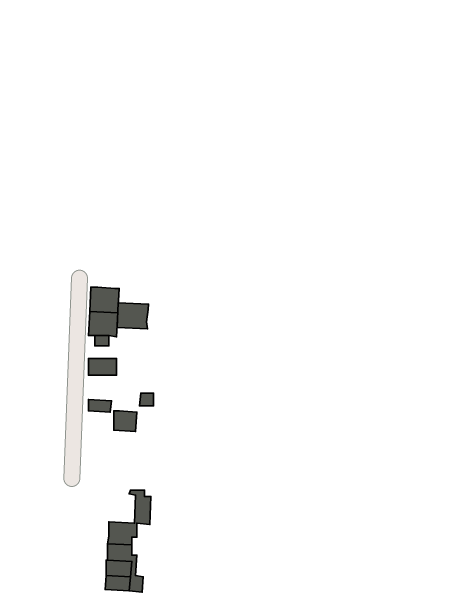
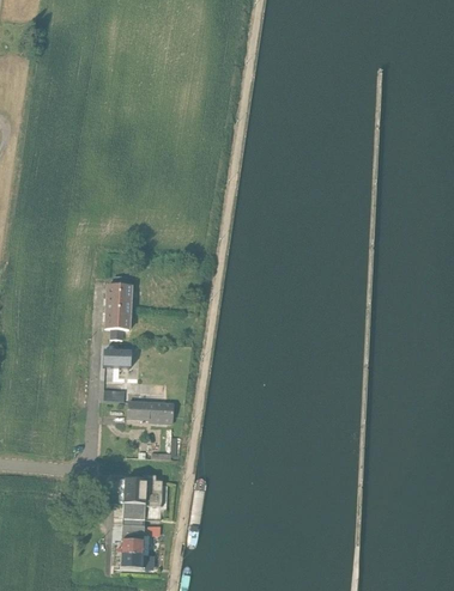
building: [117,303,149,329] -> none
building: none -> [147,401,174,424]
building: none -> [121,477,147,505]

